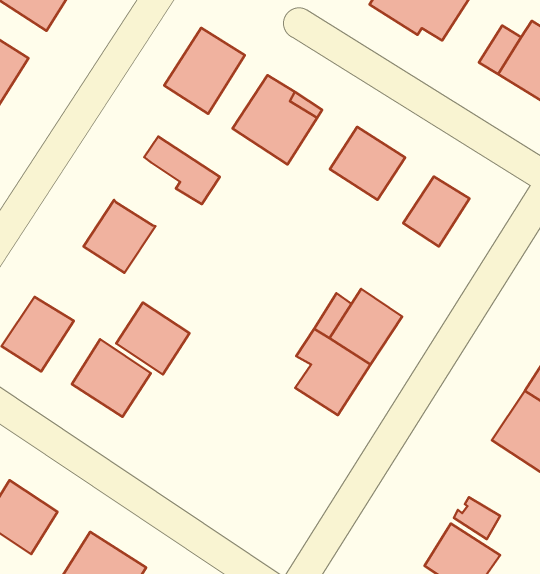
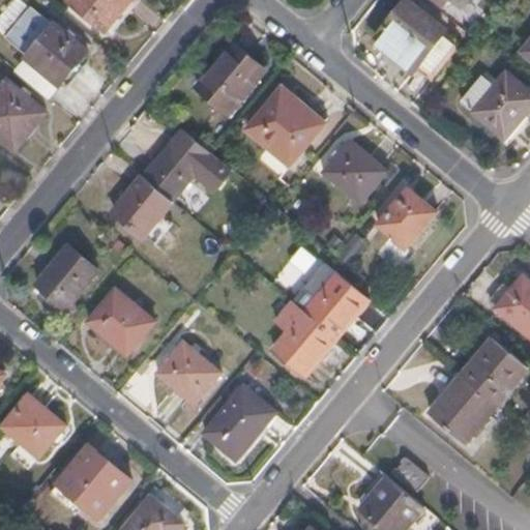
building: none -> [143,144,198,201]
building: [116,303,189,374] -> [156,343,217,404]
building: none -> [203,386,274,460]

